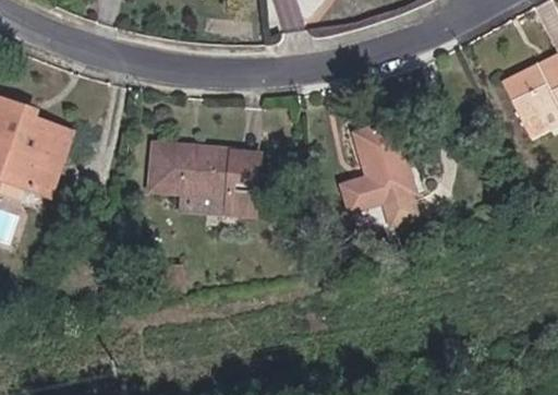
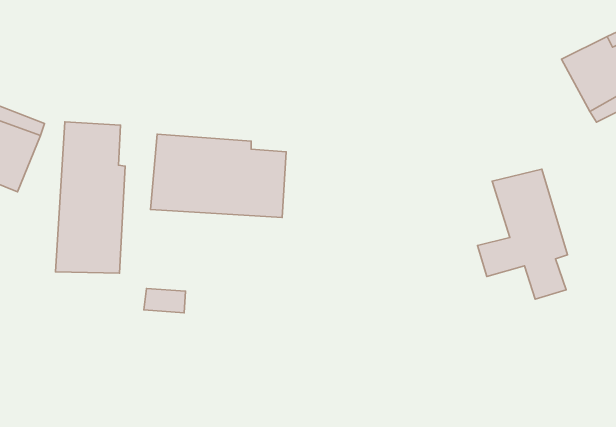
building: [337,121,410,227] -> [477,169,567,299]
building: none -> [56,122,125,273]

